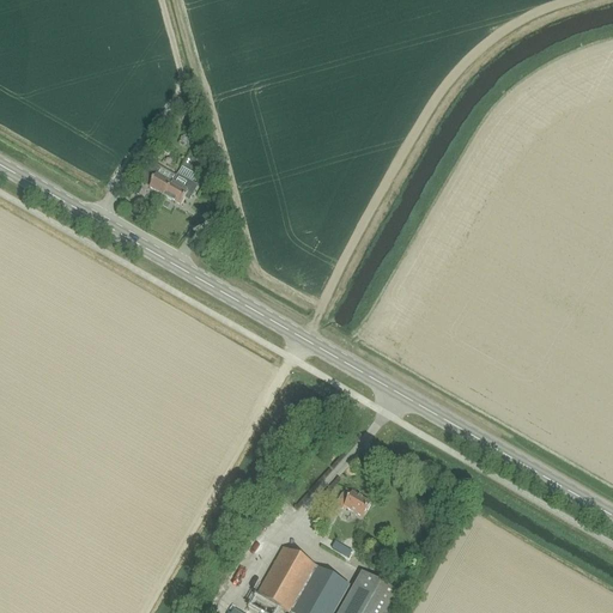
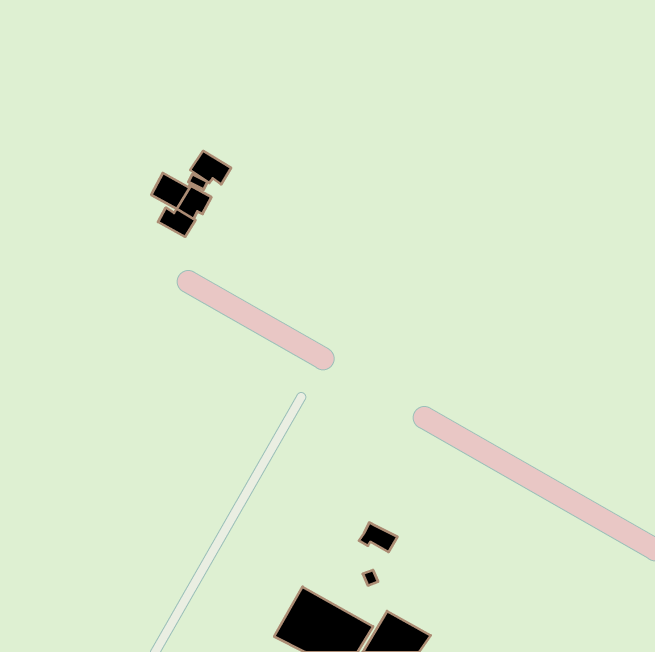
building: none -> [190,151,231,184]
building: none -> [158,208,195,237]

